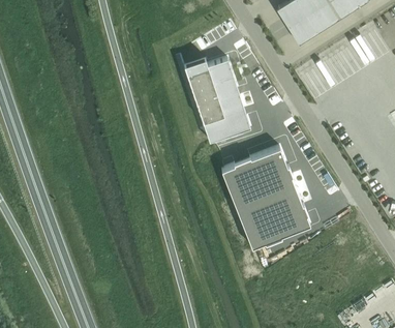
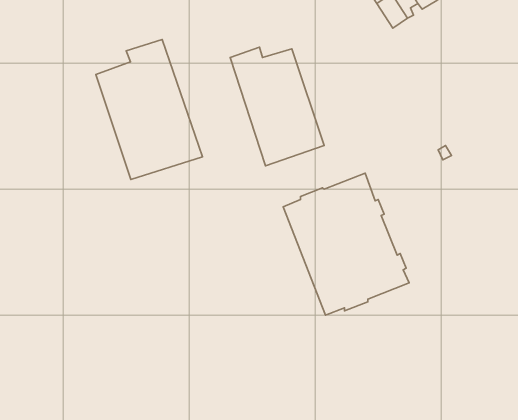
building: none -> [96,40,202,179]

